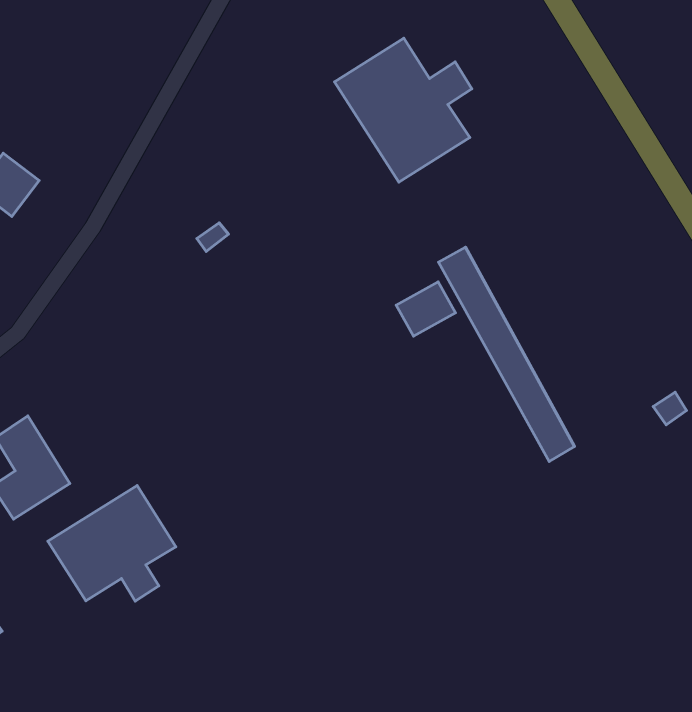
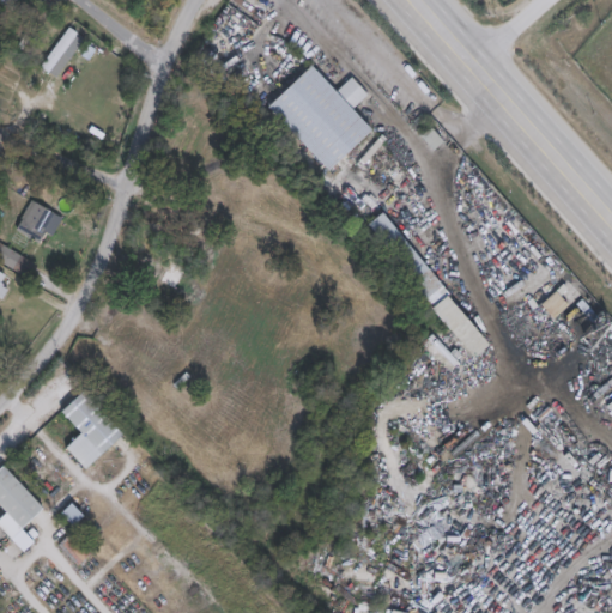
building: [396,282,455,336] -> none
building: [48,485,176,601] -> none

